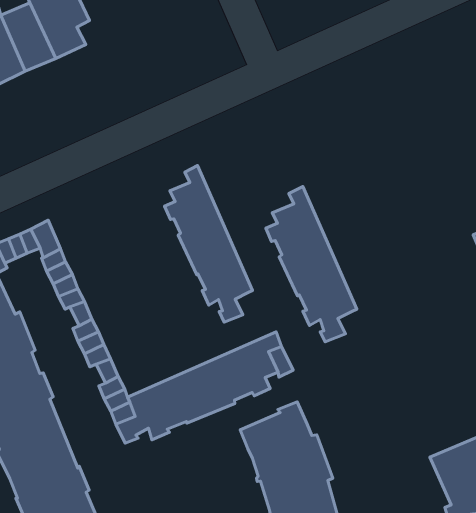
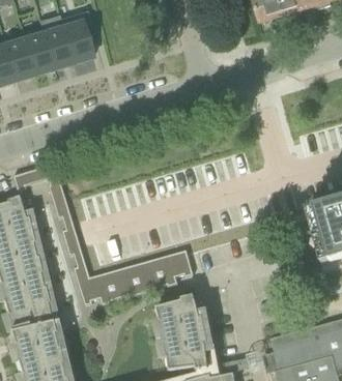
building: [165,165,253,322] -> none
building: [266,186,357,342] -> none

